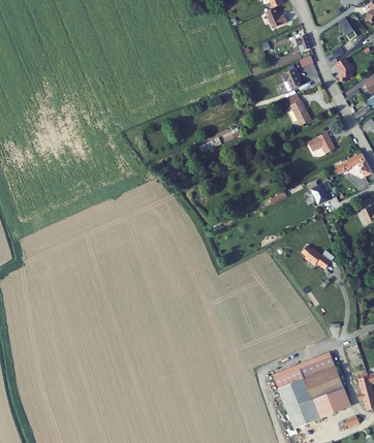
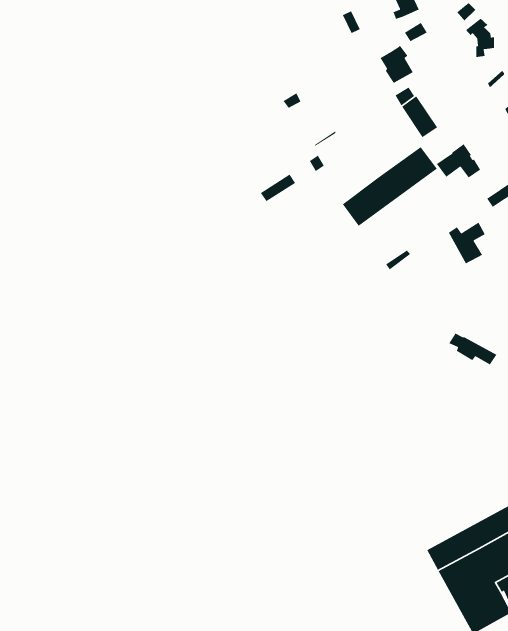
building: none -> [342,146,438,227]

